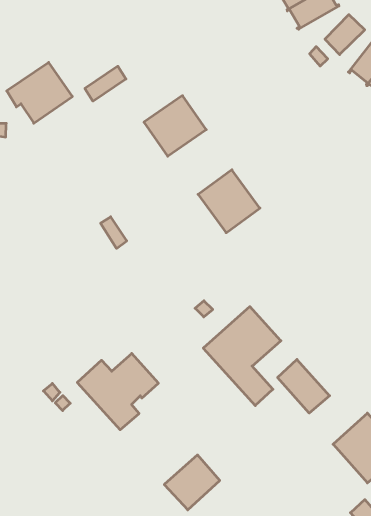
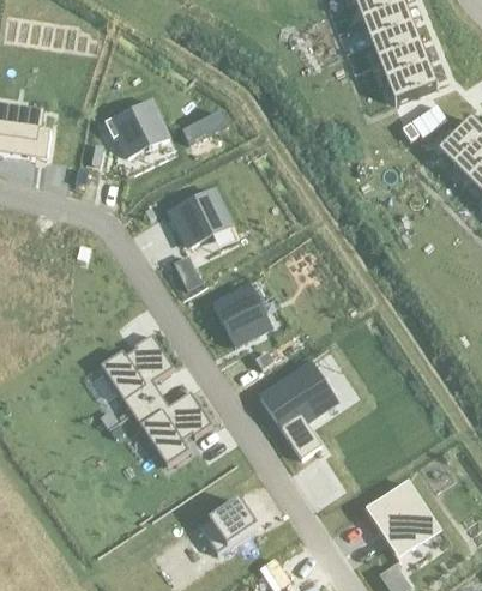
building: [144,96,206,156] -> [173,188,231,245]
building: [198,170,260,233] -> [212,284,270,344]
building: none -> [101,333,174,411]
building: [278,359,330,413] -> none

